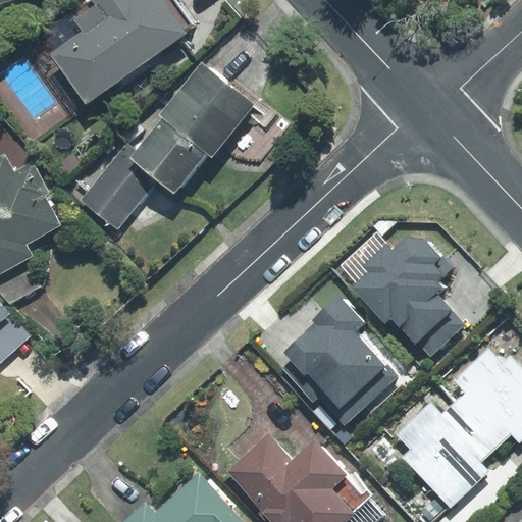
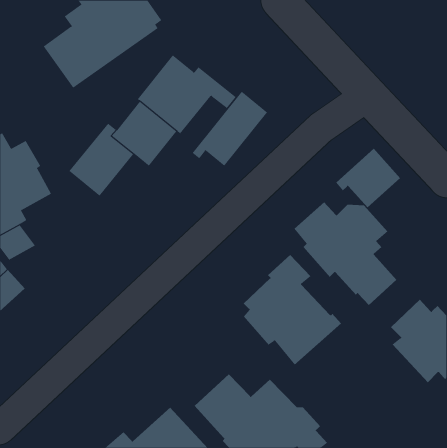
building: none -> [192,91,268,166]
building: none -> [336,148,401,208]
building: [396,401,498,507] -> none

